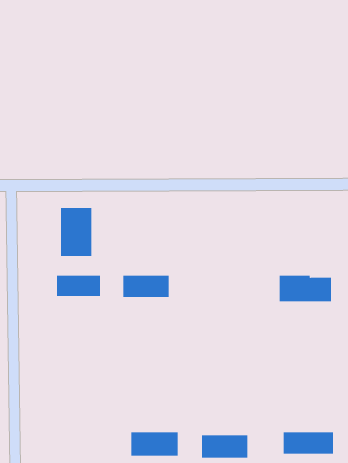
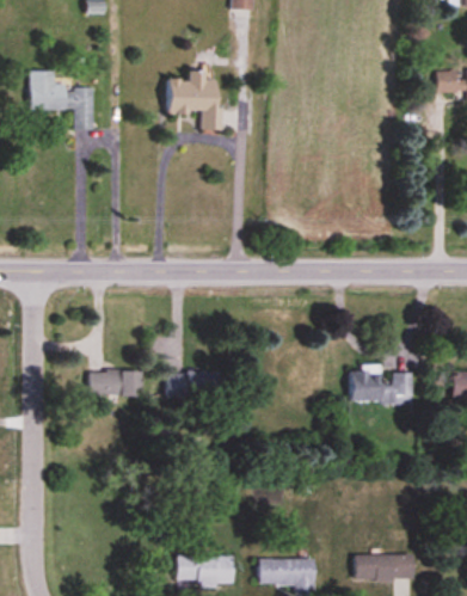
building: none -> [29,70,93,129]
building: none -> [167,70,219,131]
building: [60,207,92,257] -> none

